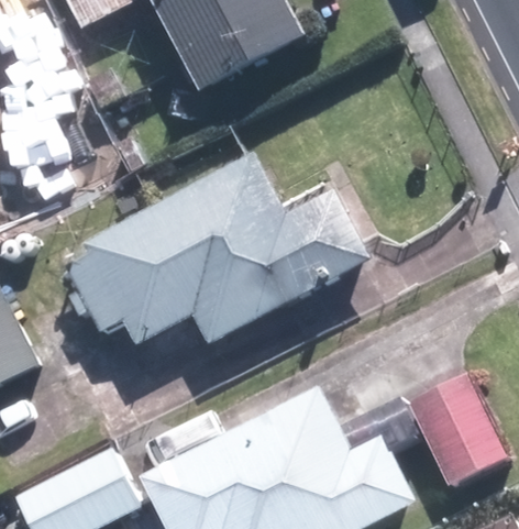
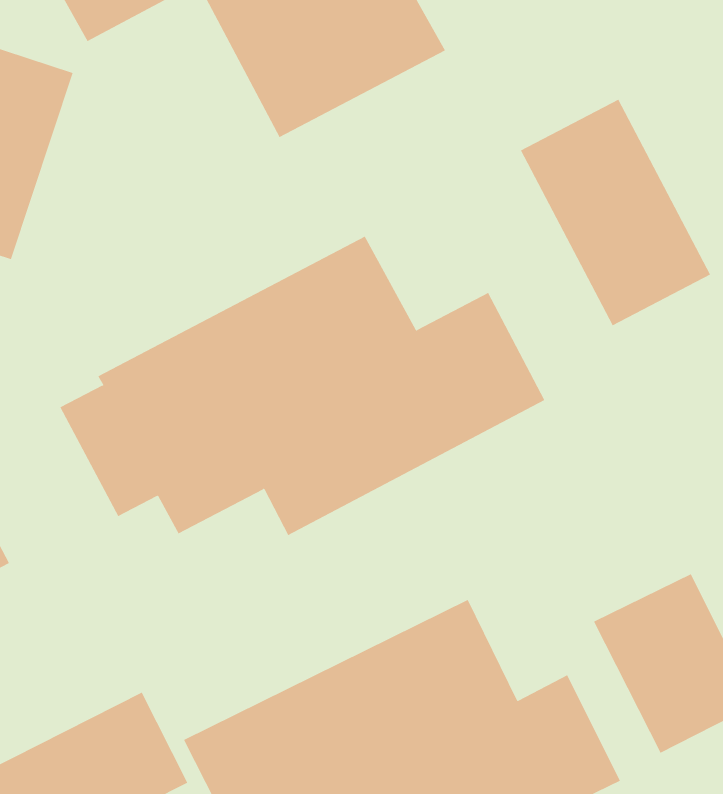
building: none -> [520,99,711,326]

